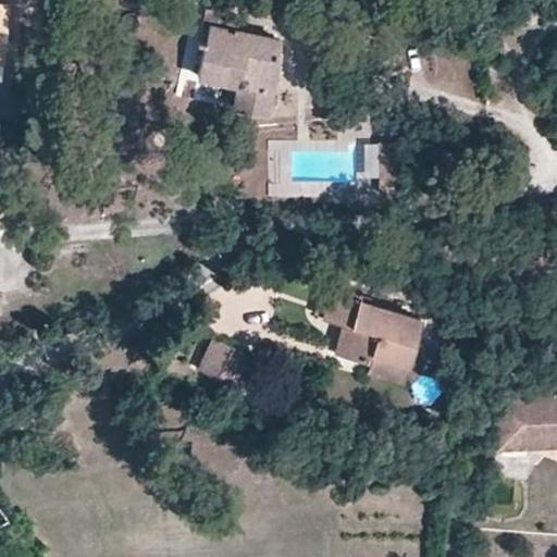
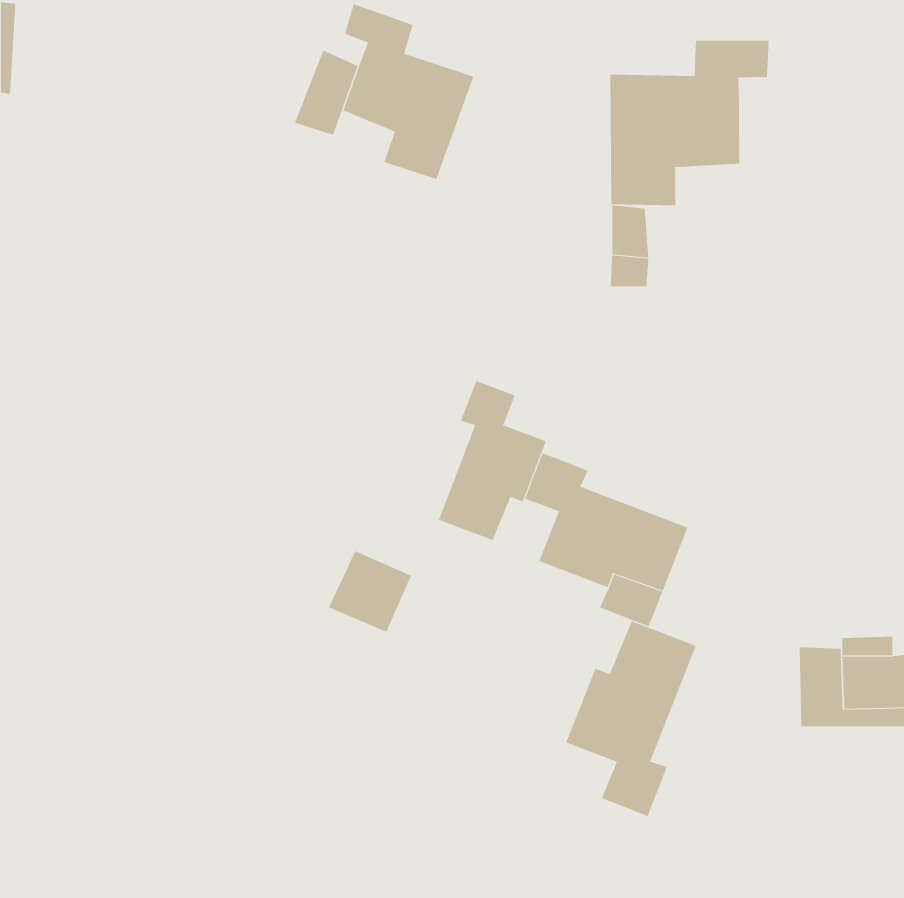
building: none -> [610,40,769,206]
building: none -> [438,380,547,541]
building: none -> [566,620,696,817]

